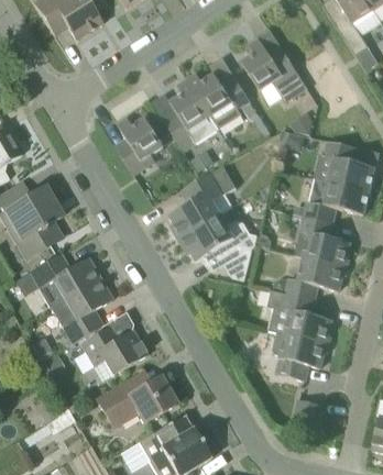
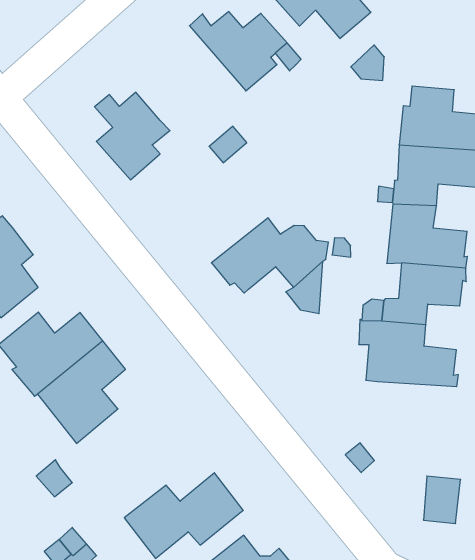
building: [165,79,218,143] -> none
building: [169,166,236,238] -> none
building: [80,325,146,375] -> none
building: [273,332,328,380] -> none

